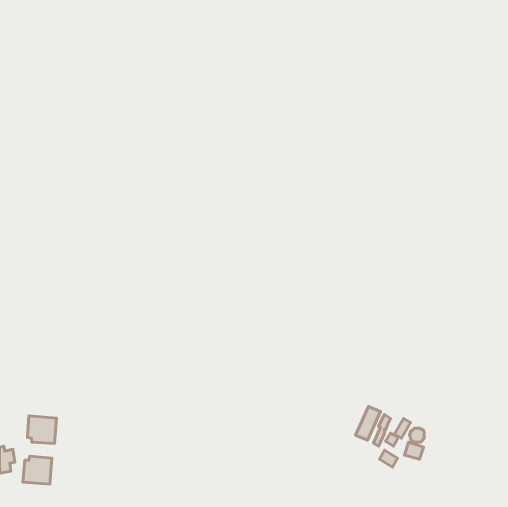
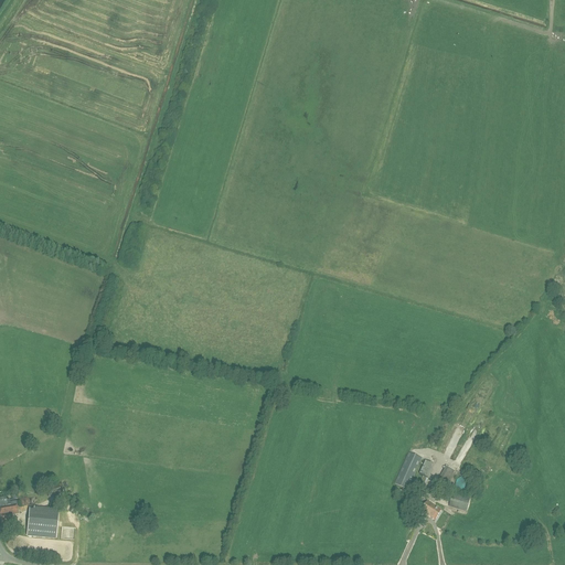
building: [27,416,57,444] -> none

